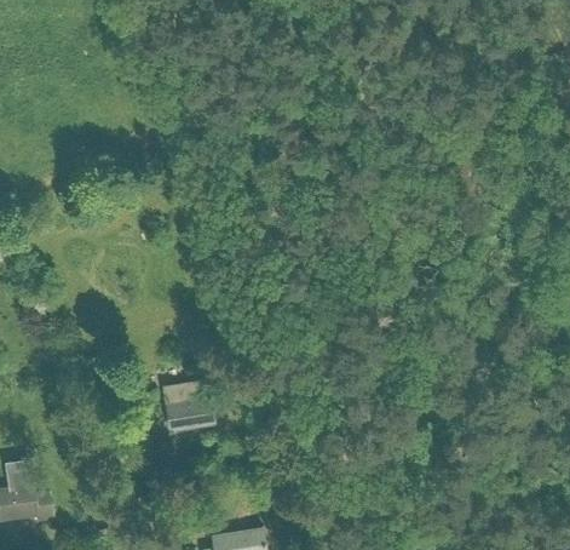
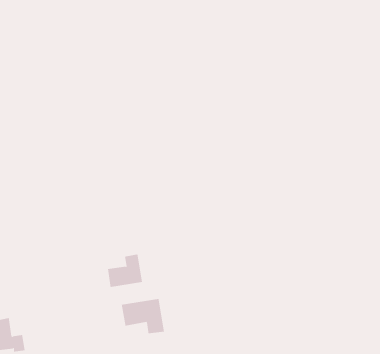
building: none -> [121,298,164,334]

